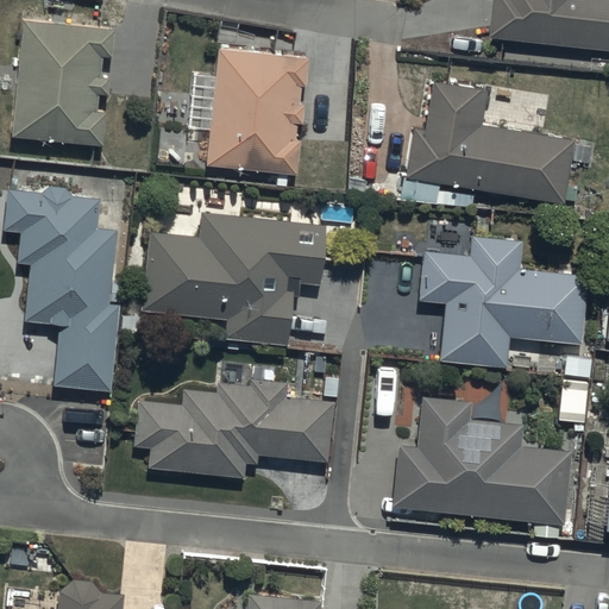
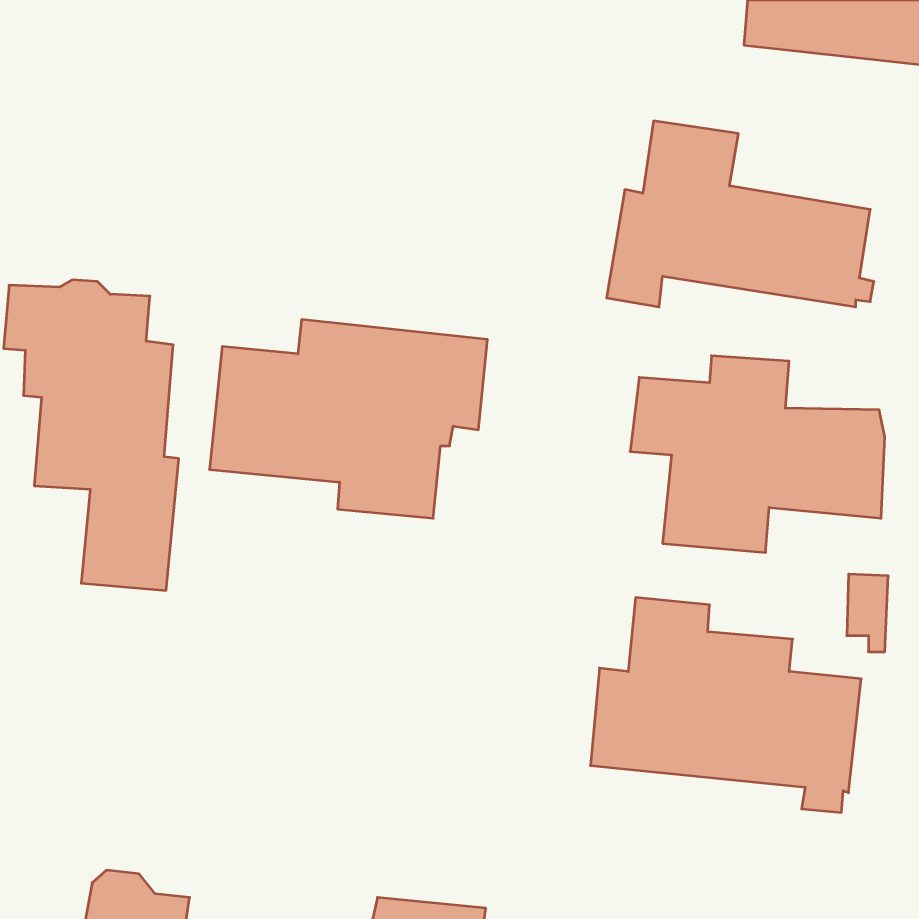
building: [12,21,114,146] -> none
building: [208,49,308,172] -> none
building: [136,381,333,476] -> none

